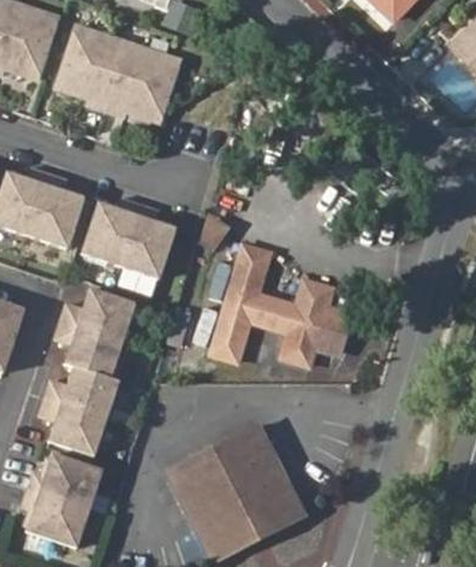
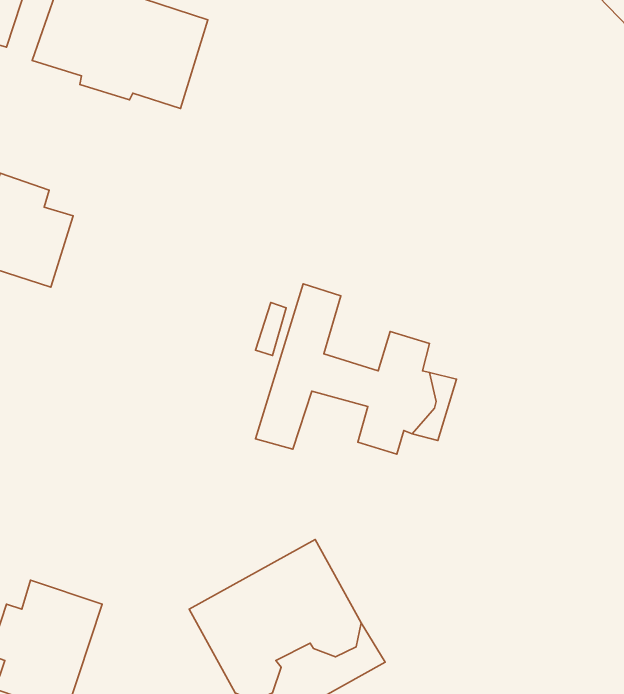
building: [82,196,175,277] -> none
building: [37,288,135,456] -> none

